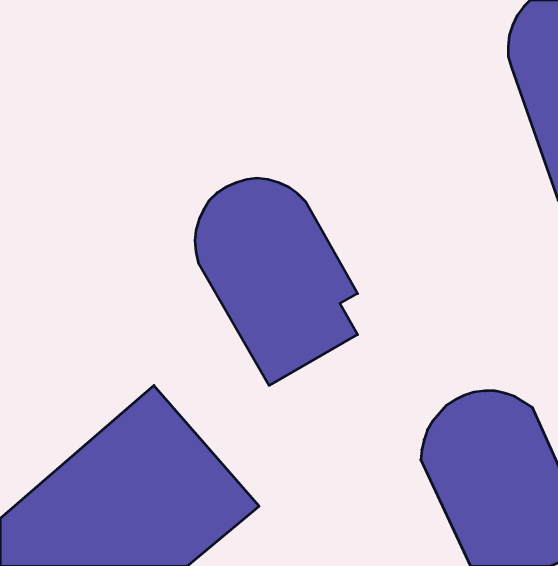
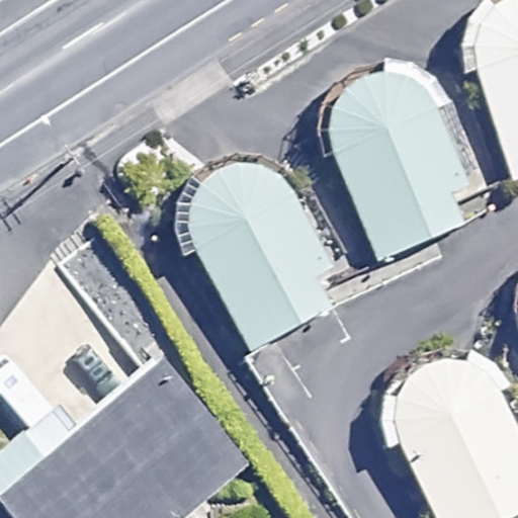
building: none -> [327,70,470,263]

